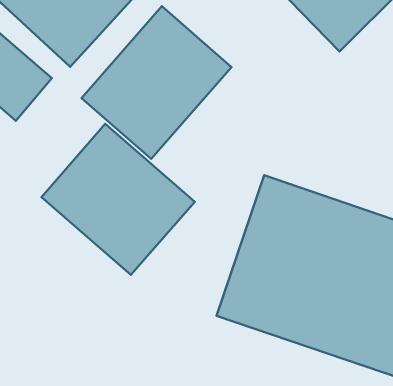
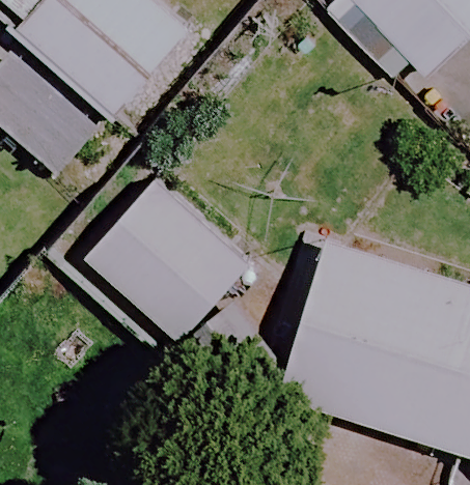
building: [81,6,231,159] -> none

